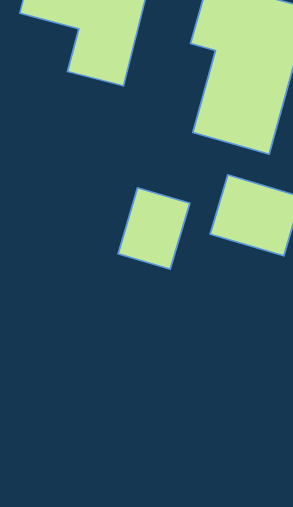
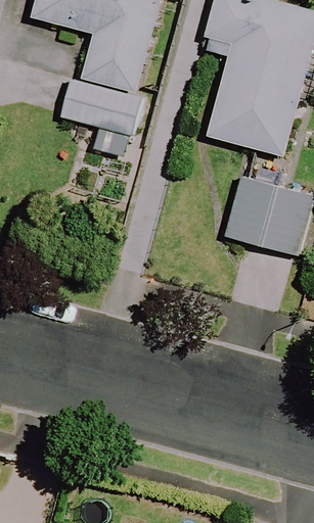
building: none -> [56,72,144,142]
building: [118,188,190,269] -> none

